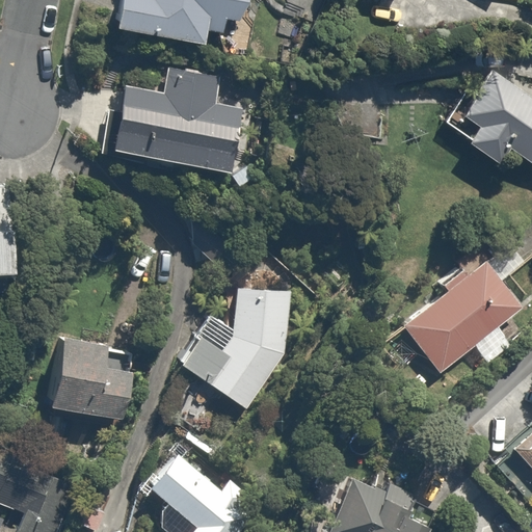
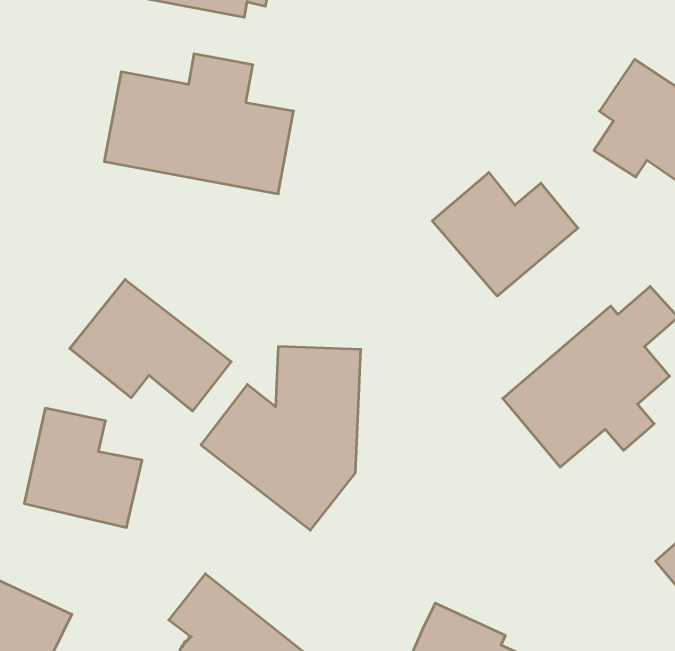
building: none -> [432,172,578,296]
building: none -> [70,279,231,411]

